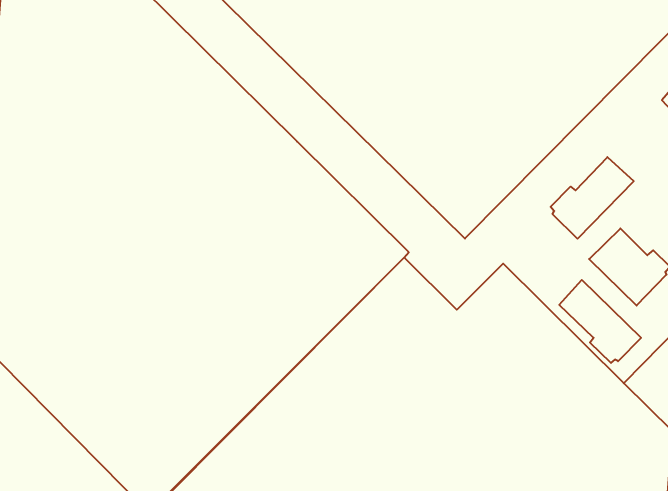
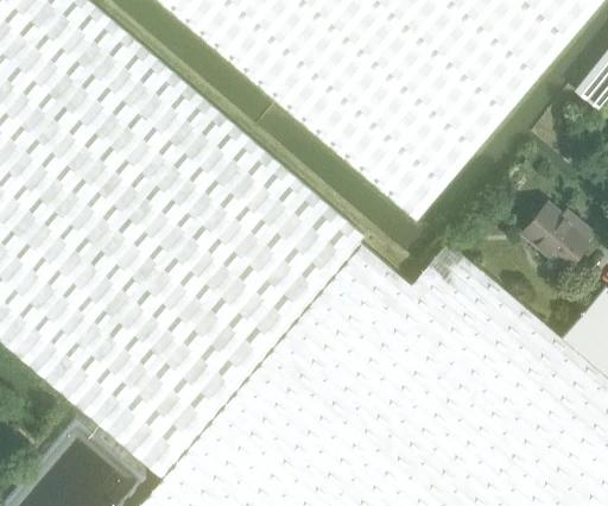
building: [551,157,634,239] -> none
building: [559,280,641,363] -> none

